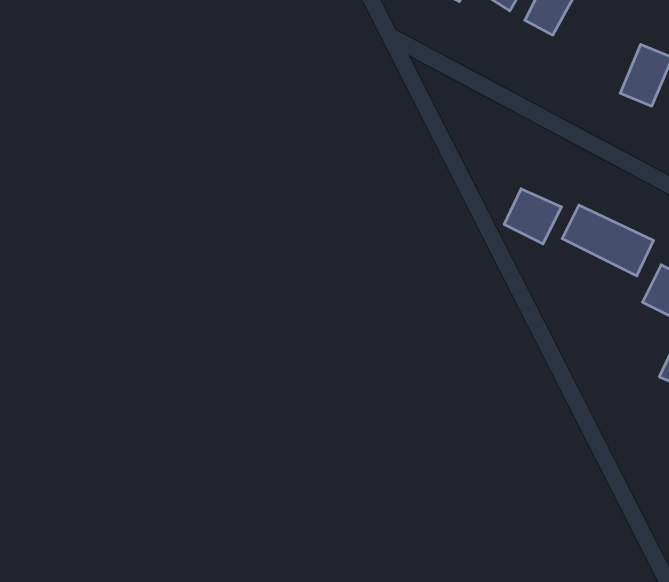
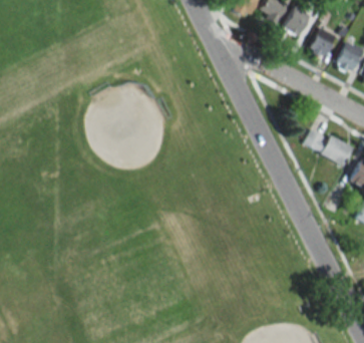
building: none -> [308,27,336,60]
building: [504,189,562,244] -> none

